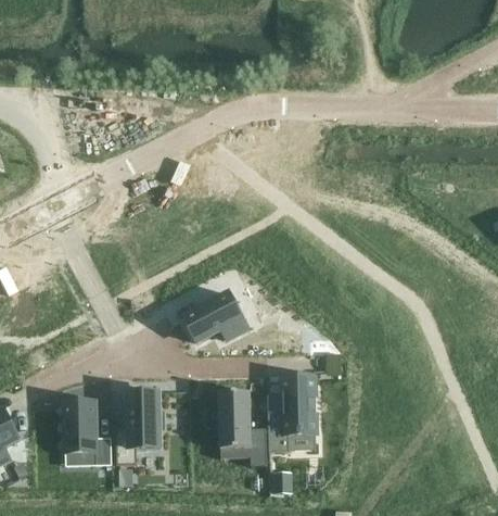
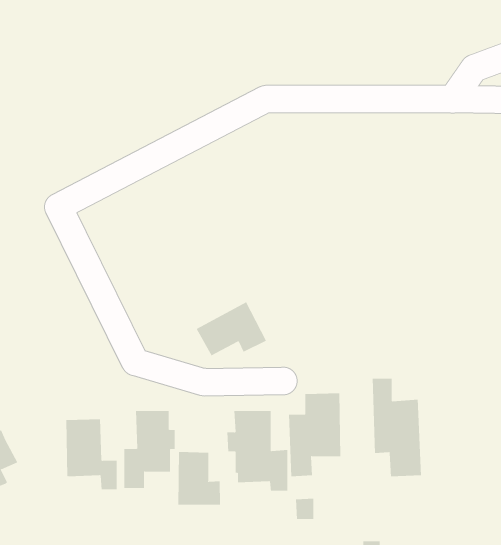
building: none -> [372,378,422,477]
building: none -> [178,451,220,506]

